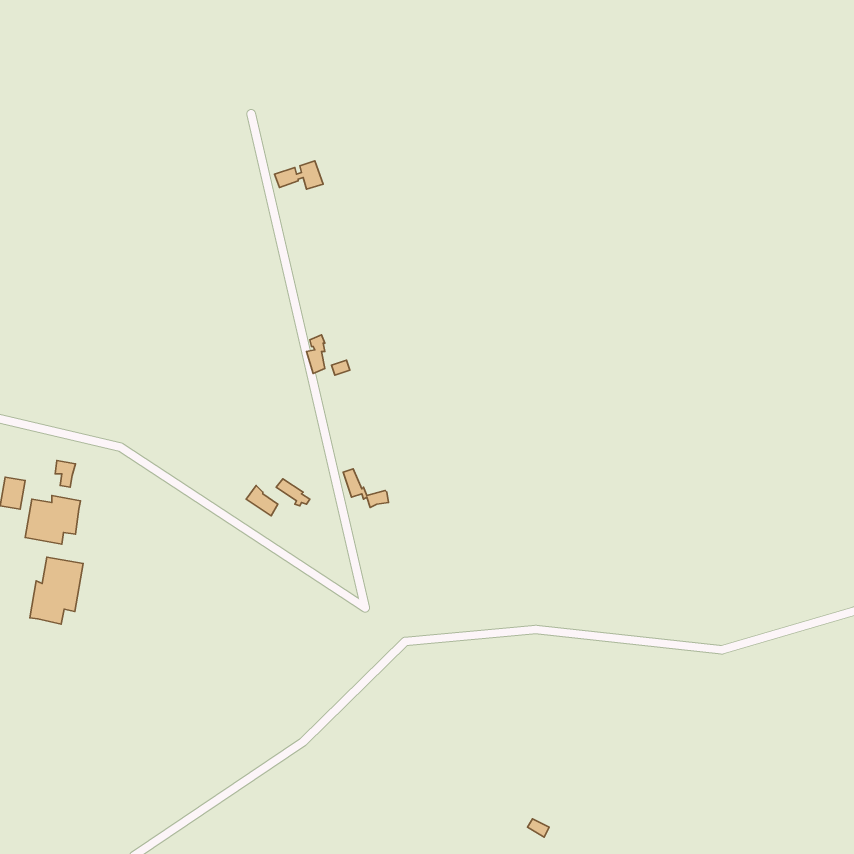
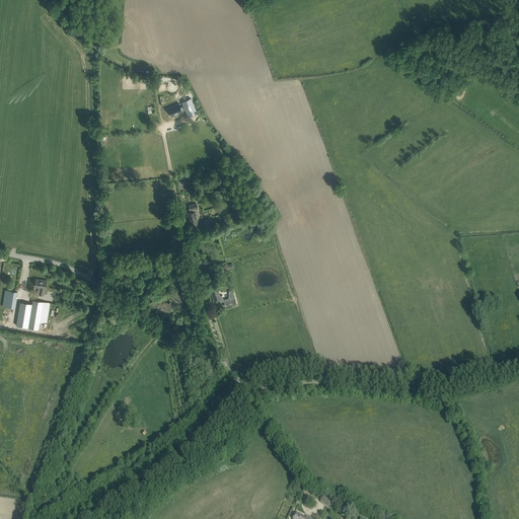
building: [30,557,83,624] -> none

